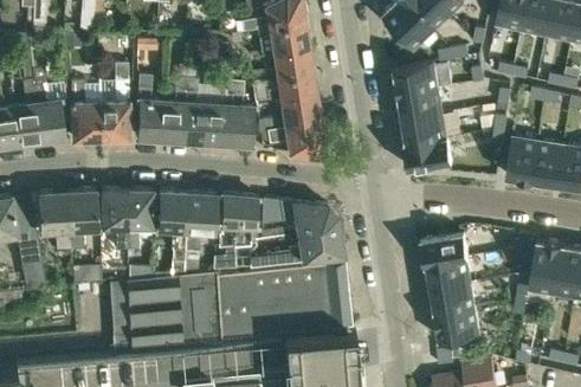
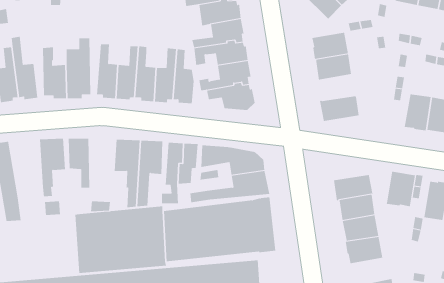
building: [402,114,447,146] -> none
building: [127,191,153,251] -> none
building: [38,192,70,251] -> none
building: none -> [384,171,415,207]

